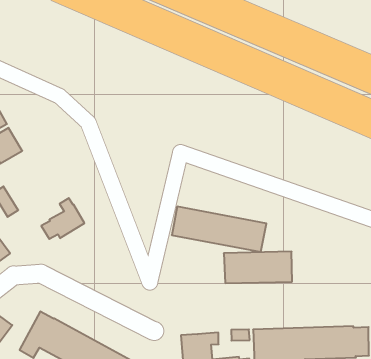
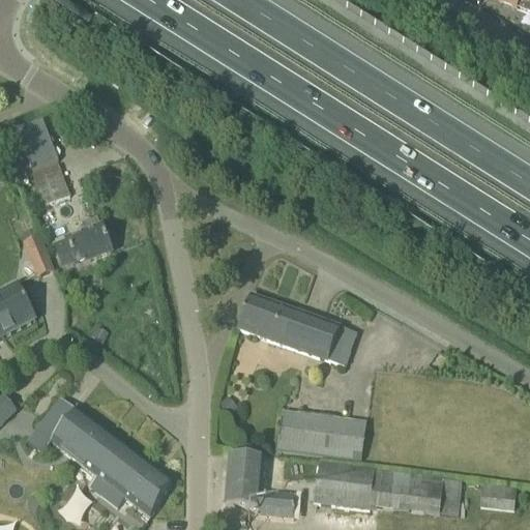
building: [41,198,84,239] -> [56,215,110,263]
building: [224,252,292,283] -> [276,410,364,459]

